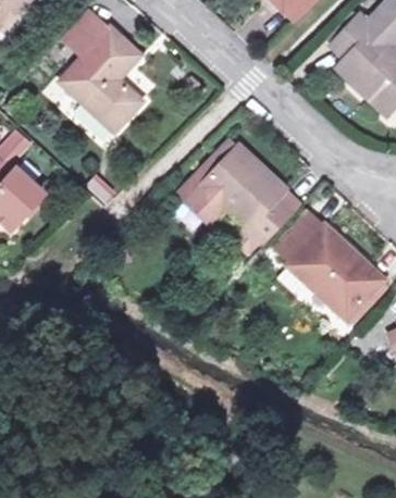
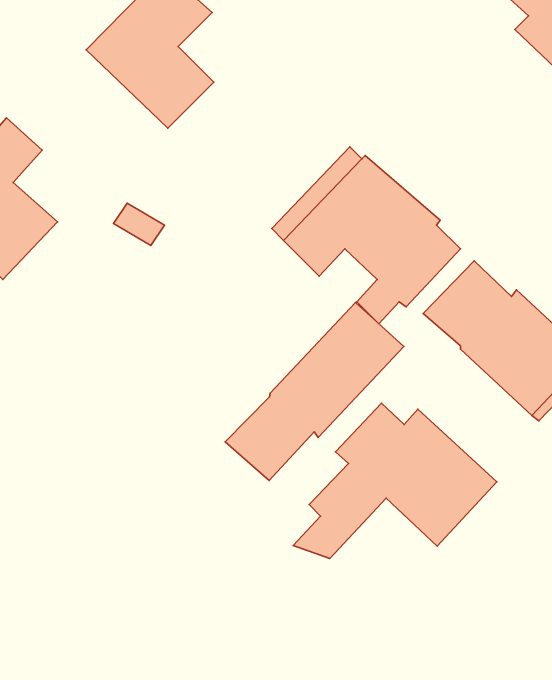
building: none -> [225,302,404,481]
building: none -> [293,403,497,559]

